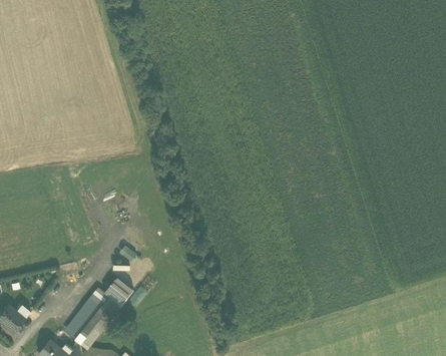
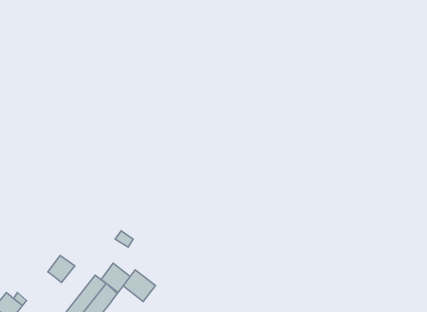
building: none -> [48,255,75,283]
building: none -> [123,270,155,302]

